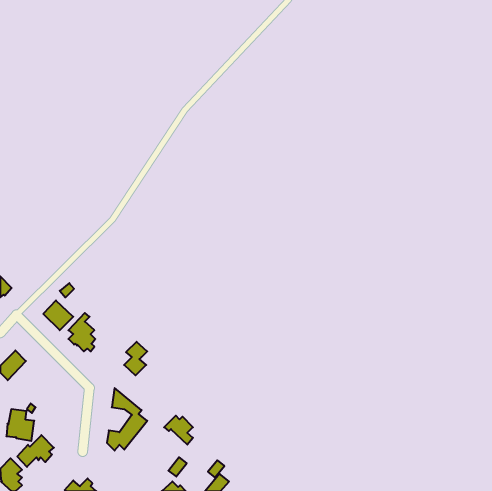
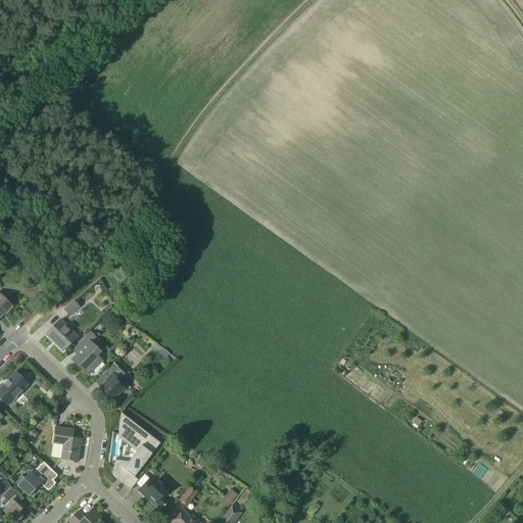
building: [124,342,147,375] -> [100,363,125,398]
building: [6,409,34,441] -> [51,427,81,461]
building: [164,416,193,445] -> [138,478,169,509]

